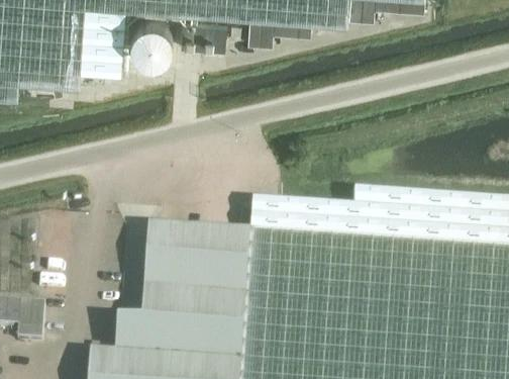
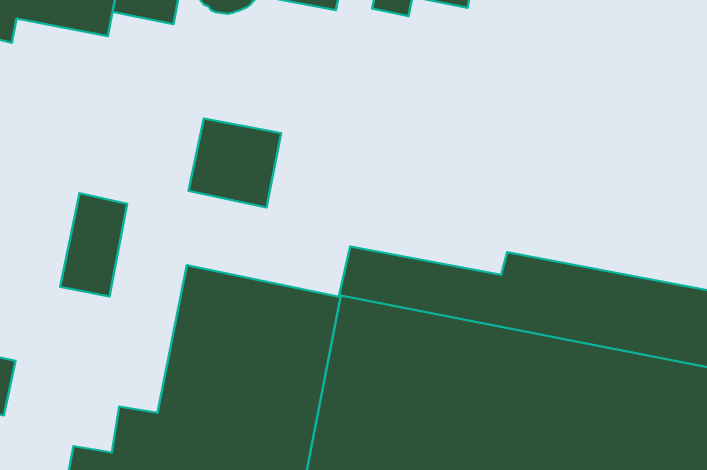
building: none -> [188,119,281,208]
building: none -> [60,193,127,297]

